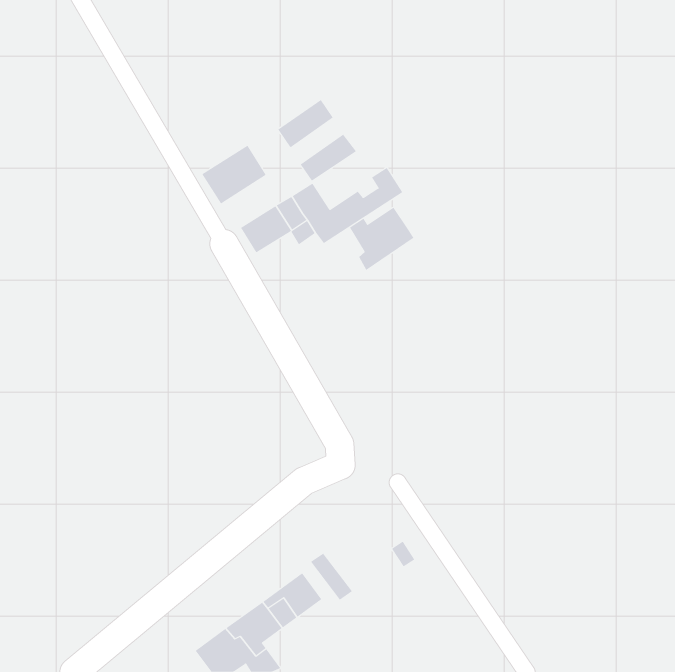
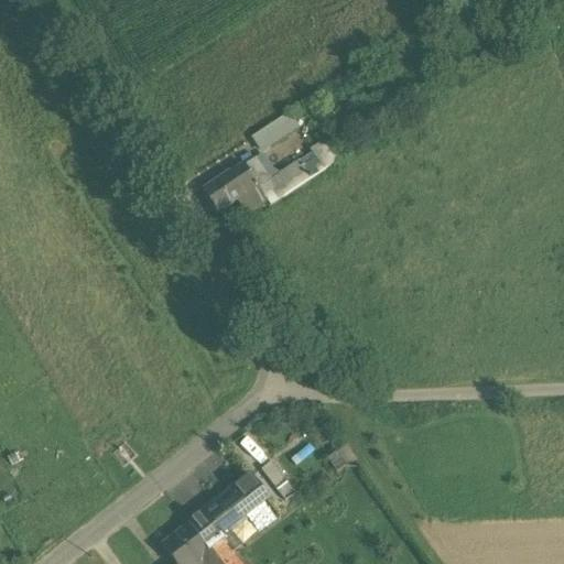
building: [277,99,334,148] -> none
building: [202,145,266,204] -> none
building: [349,207,414,271] -> none

